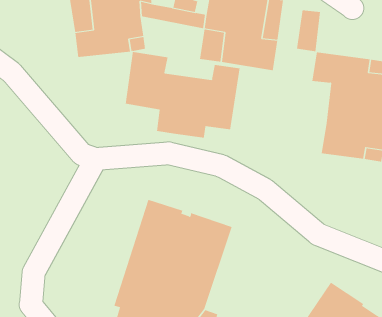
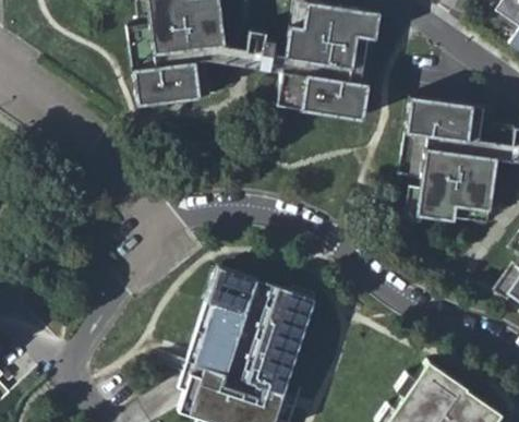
building: [296,10,321,52] -> [400,133,429,181]
building: [125,51,240,138] -> none

